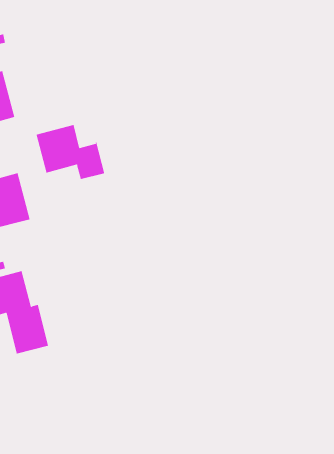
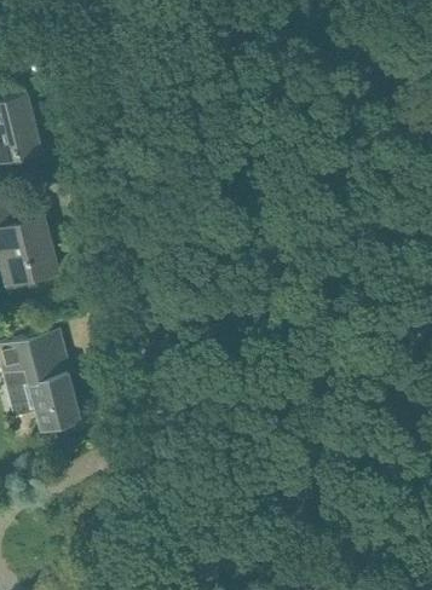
building: [36,124,105,180] -> none

